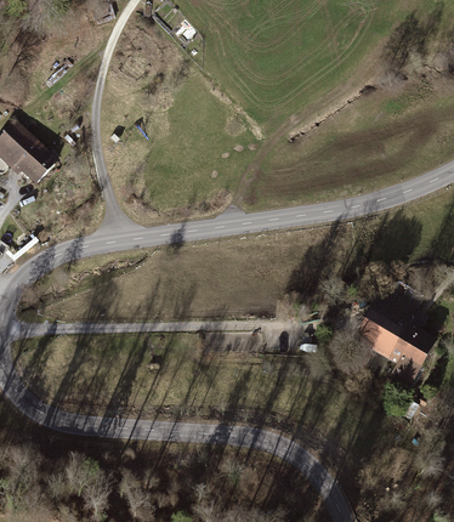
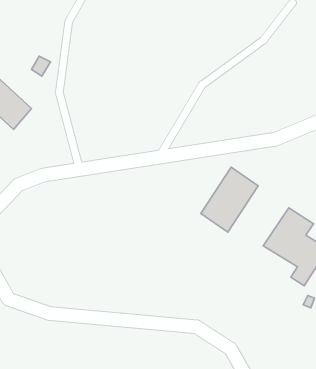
building: none -> [201,167,258,232]

